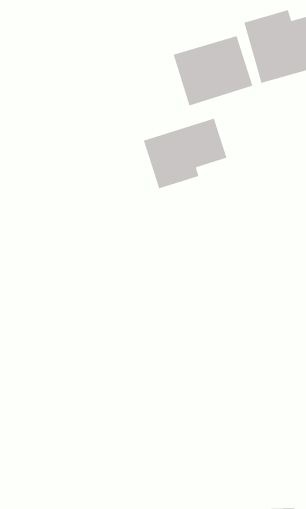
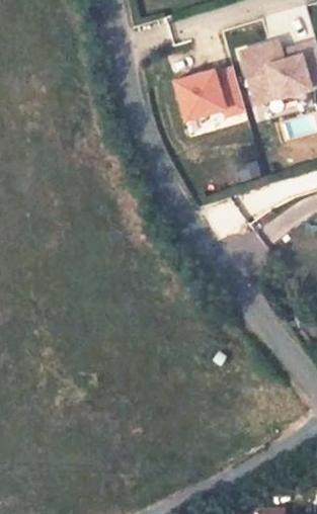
building: [143,118,227,189] -> none

